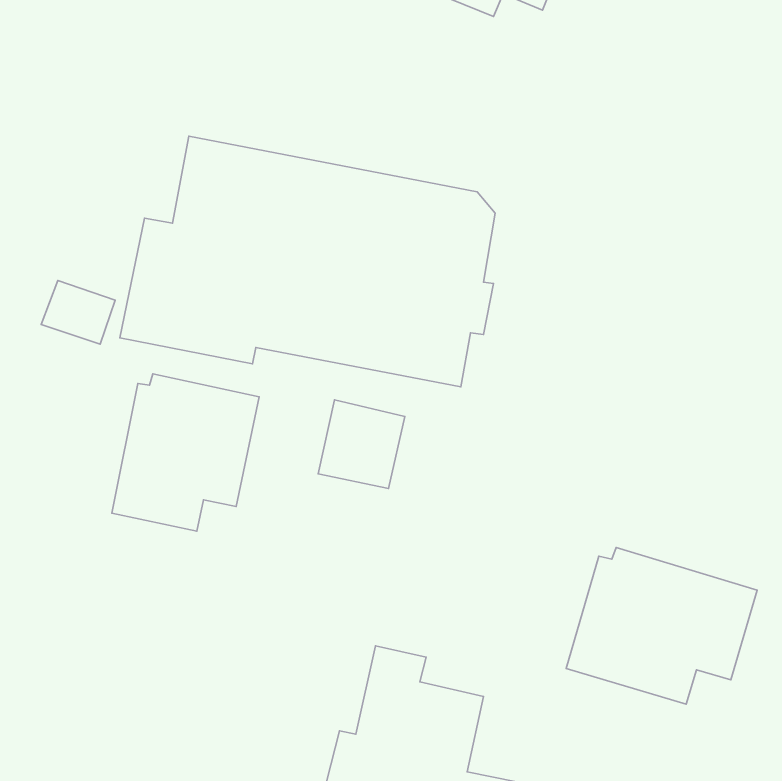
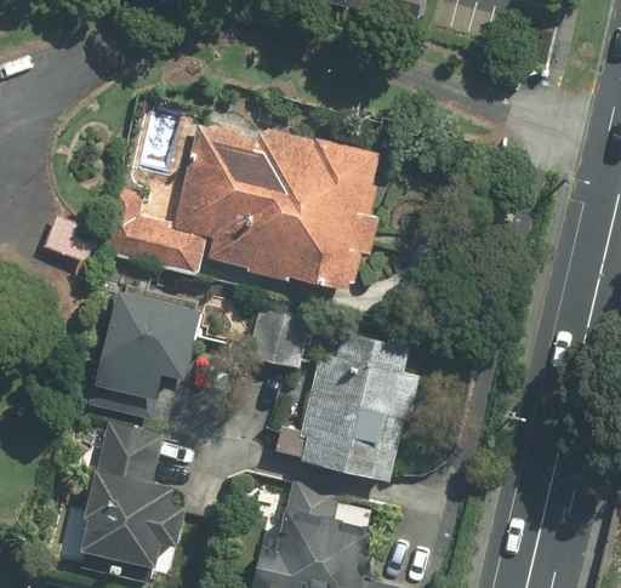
building: none -> [273,325,428,487]
building: [566,547,757,704] -> none
building: none -> [76,423,184,569]

